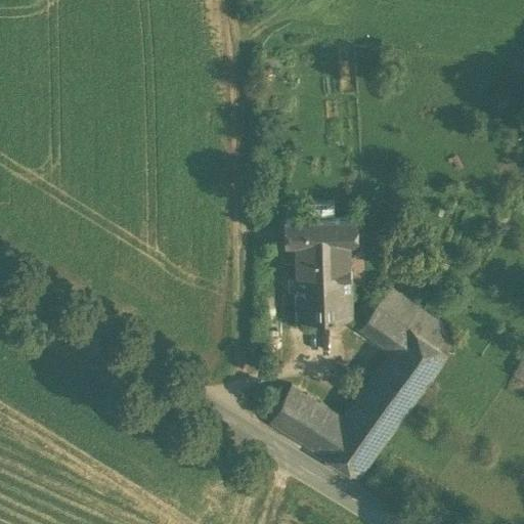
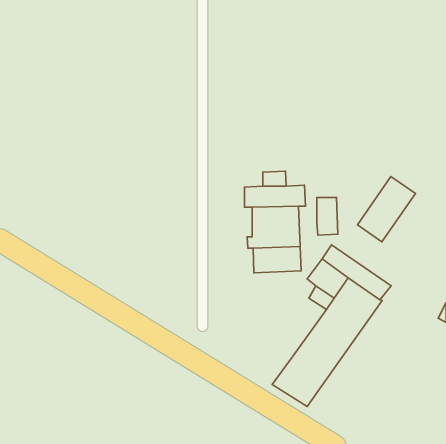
building: none -> [357,177,415,242]
building: none -> [317,197,338,235]
building: [270,388,344,453] -> none

